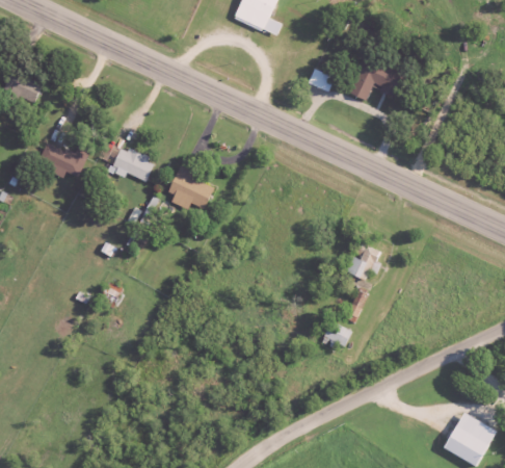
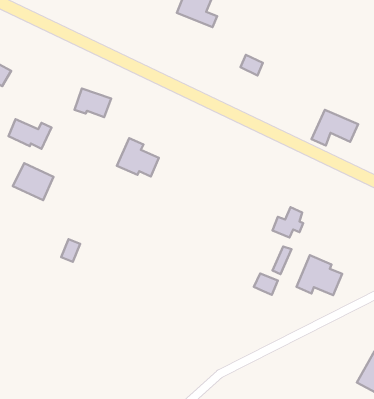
building: [349,58,403,100] -> [312,110,358,146]
building: [111,148,154,181] -> [75,88,111,117]
building: none -> [13,163,53,200]
building: none -> [296,255,342,295]

